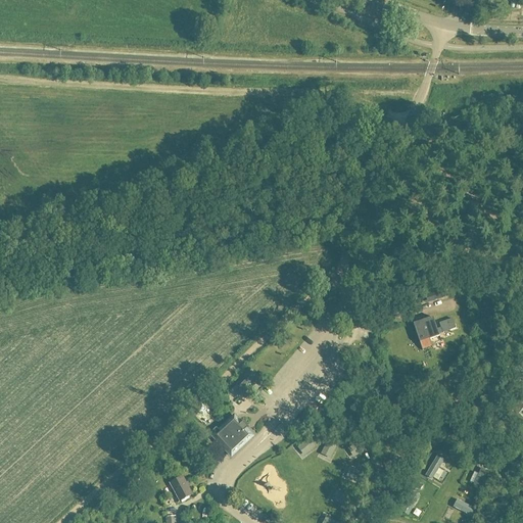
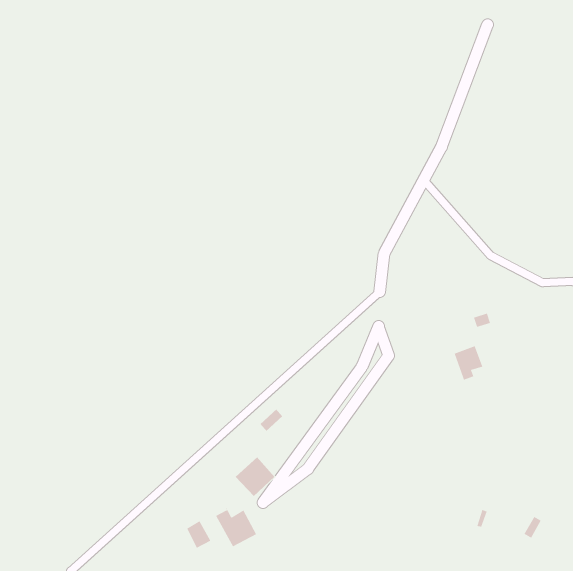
building: none -> [214,506,257,547]

